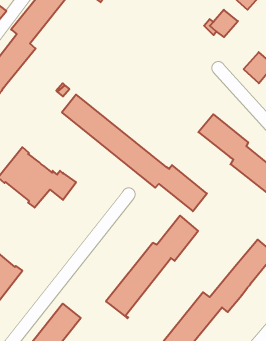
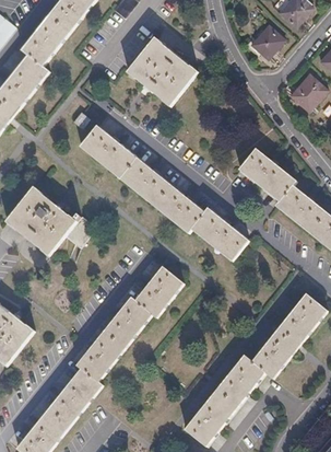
building: none -> [127,37,198,106]
building: [106,216,198,318] -> [76,265,184,384]

